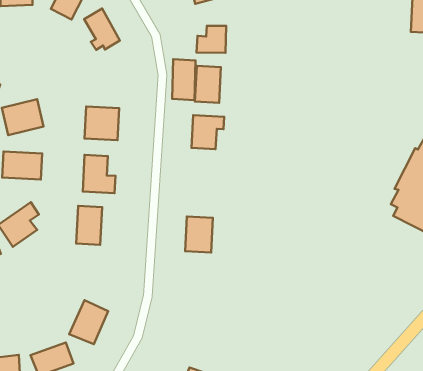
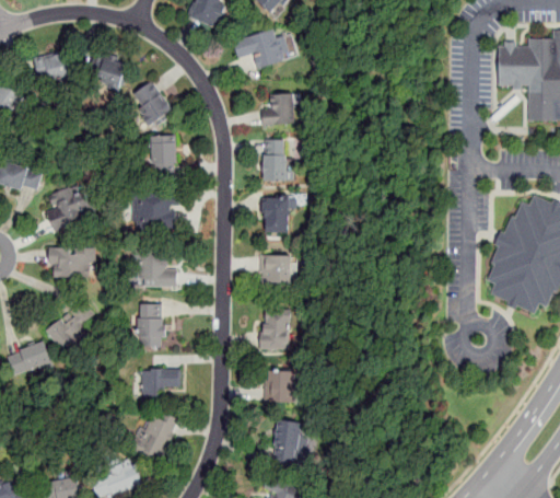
building: [172,59,195,100] -> [150,136,176,181]
building: none -> [258,255,292,289]
building: none -> [139,370,178,403]
building: none -> [265,370,294,402]
building: none -> [270,418,308,467]

